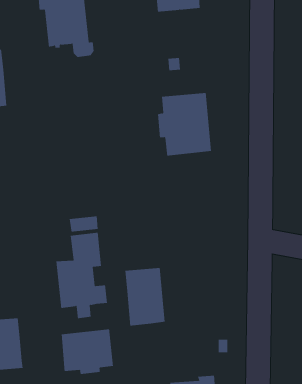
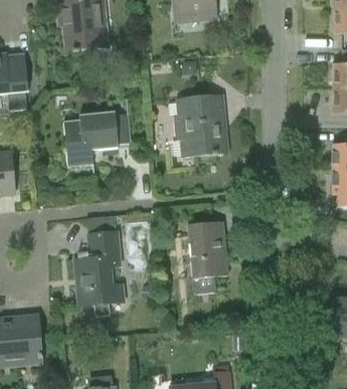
building: none -> [64,112,131,168]
building: [125,267,166,326] -> [188,222,228,279]
building: [61,328,114,375] -> none

